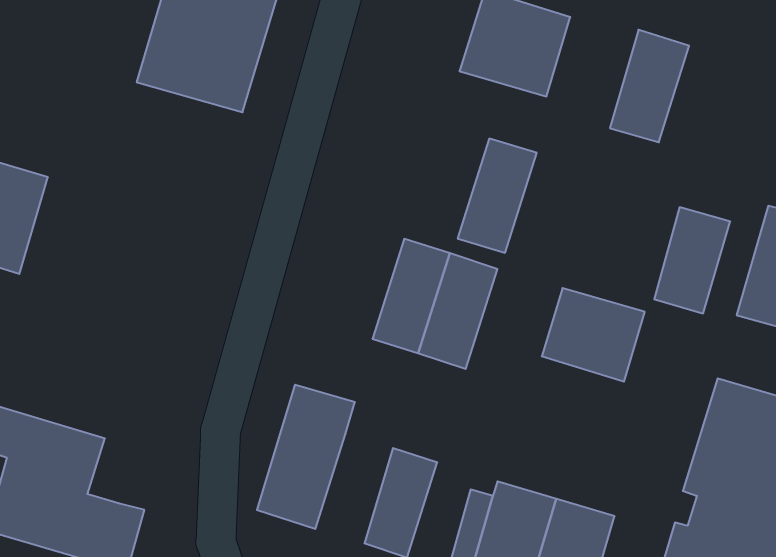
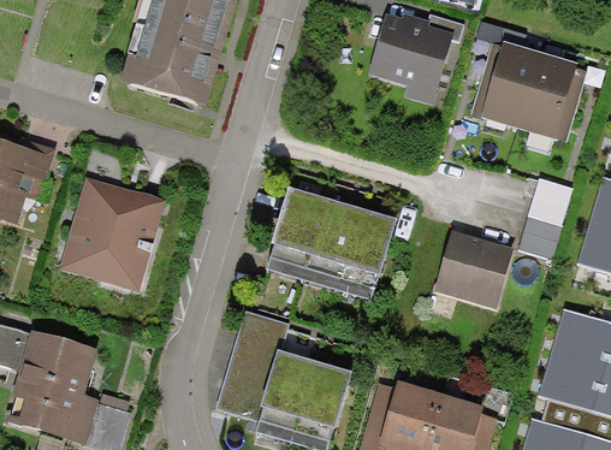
building: none -> [521,54,581,138]
building: [458,139,537,253] -> [267,190,327,277]
building: none -> [63,182,159,282]
building: none -> [260,349,319,432]

